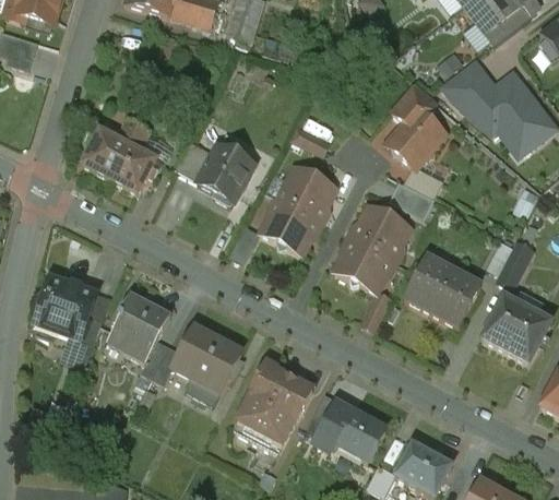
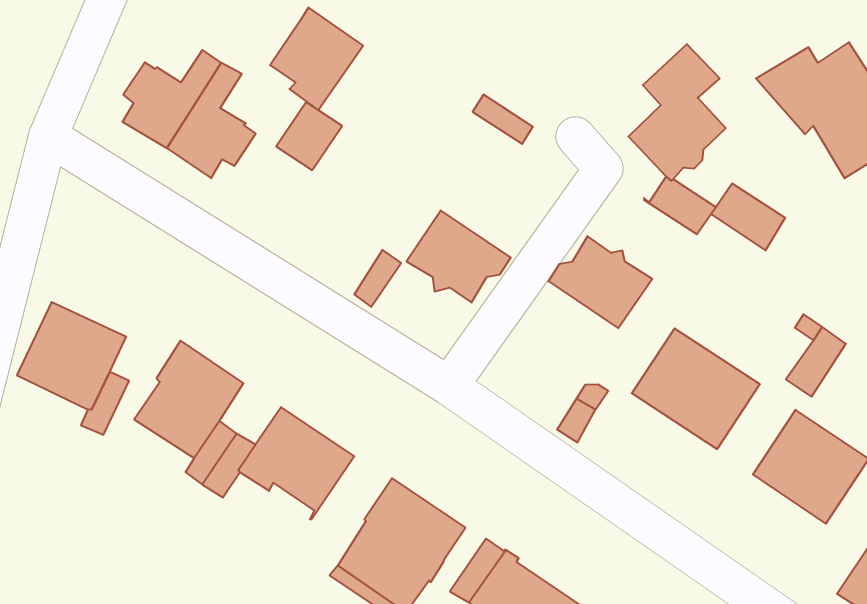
building: [445,61,489,100] -> none
building: [199,145,253,206] -> [270,7,363,110]
building: [278,167,335,223] -> none
building: [389,180,433,218] -> [711,184,785,251]
building: [335,235,392,290] -> none
building: [186,372,221,404] -> none

